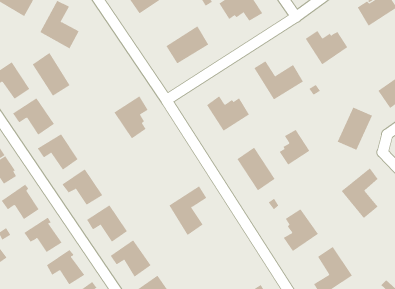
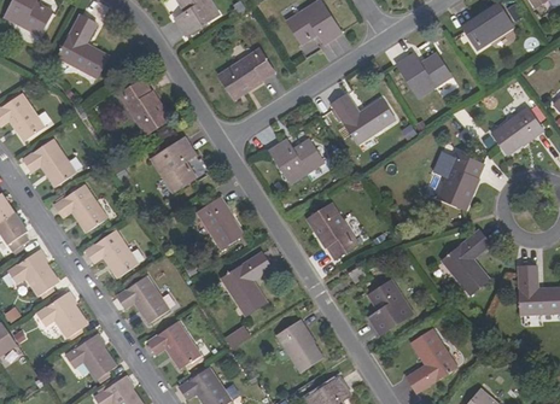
building: [32,52,71,97] -> [119,78,169,135]
building: [279,129,310,165] -> none
building: none -> [198,197,244,248]
building: none -> [276,320,322,373]

